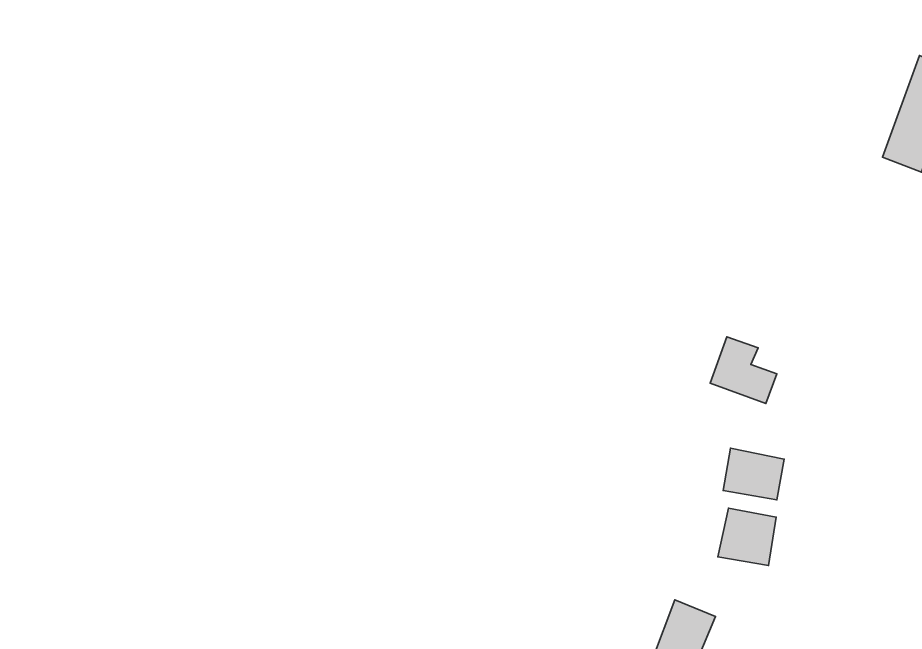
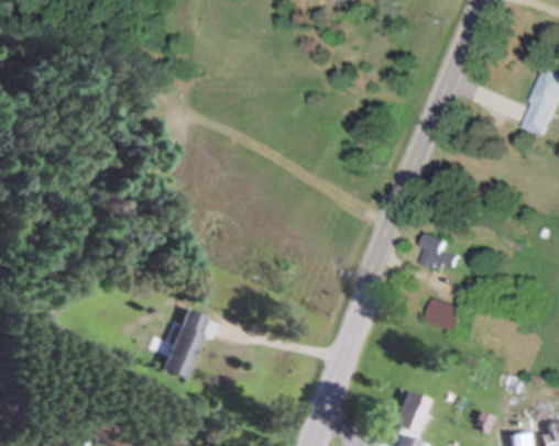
building: none -> [163,308,207,378]
building: [718,508,776,566] -> none

